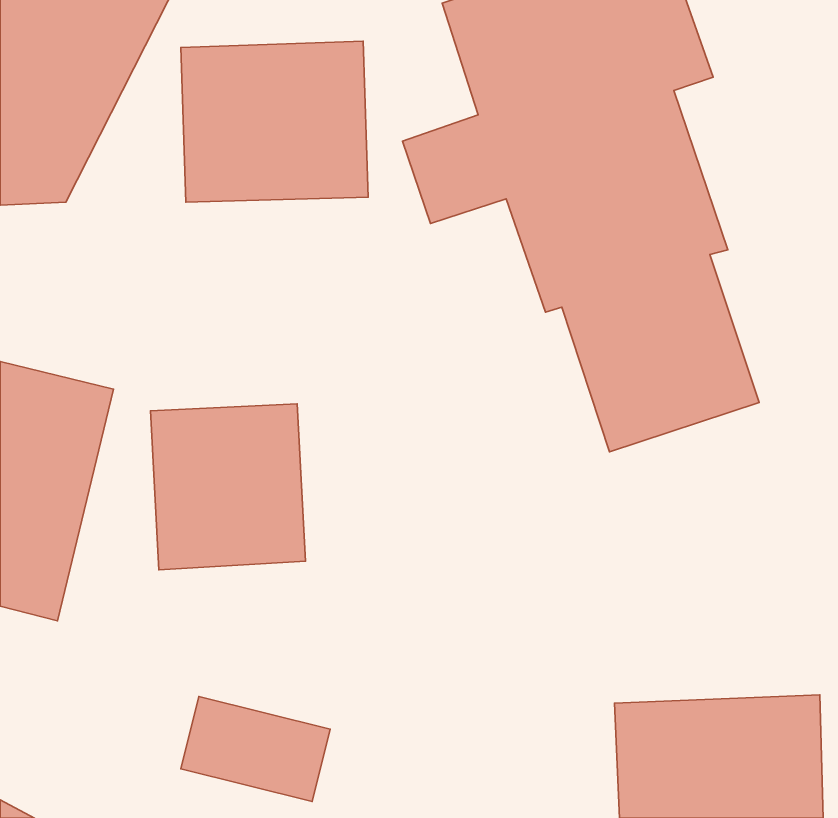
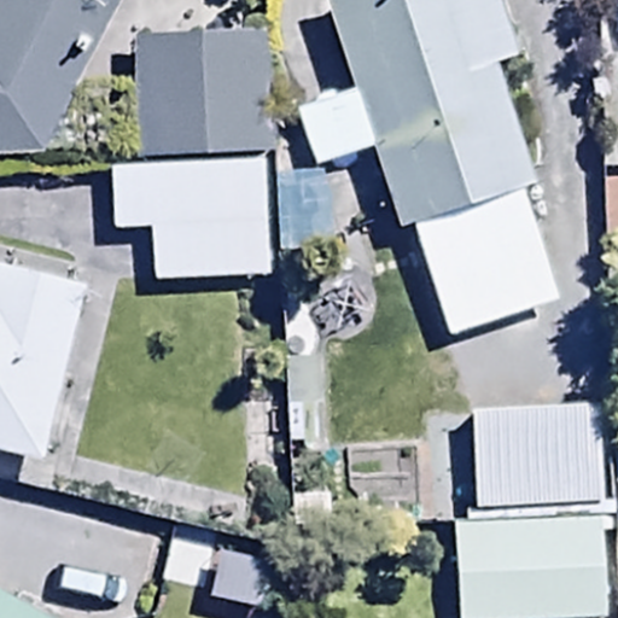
building: none -> [111,156,274,280]
building: [150,404,306,570] -> none
building: none -> [470,401,604,508]

